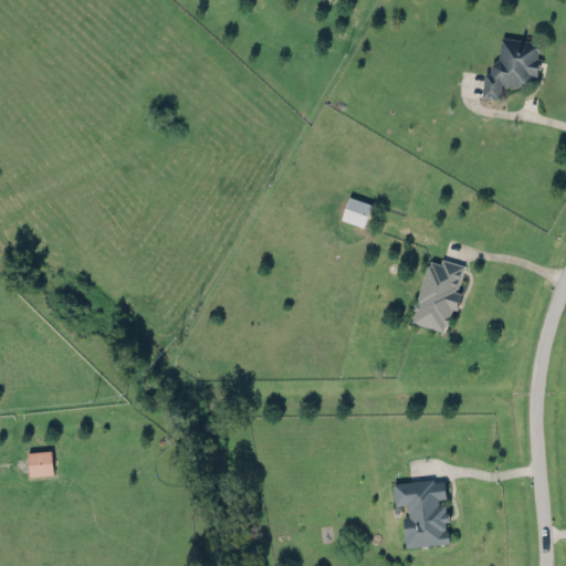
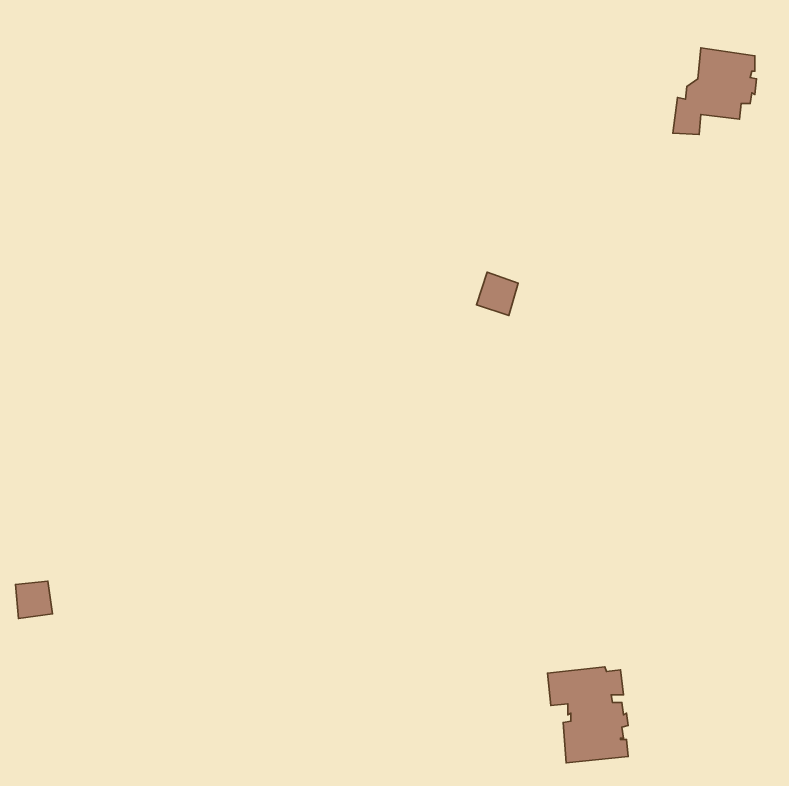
building: [412,260,465,332] -> none
building: [28,452,54,479] -> [15,581,53,618]

